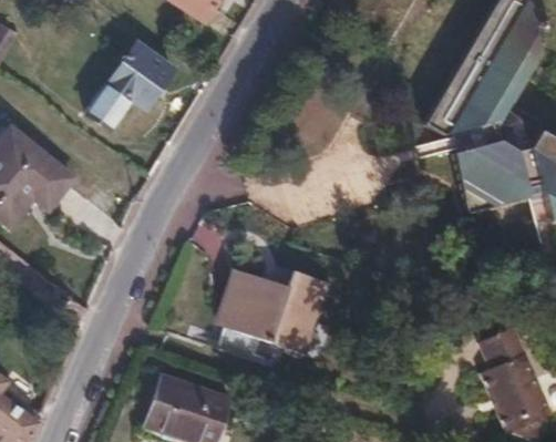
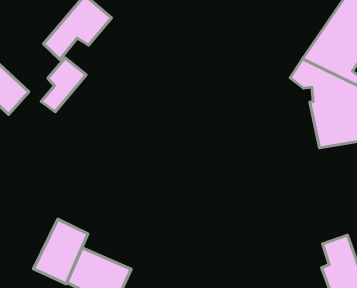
building: none -> [41,58,86,112]
building: [215,270,327,360] -> none
building: none -> [33,219,88,284]

